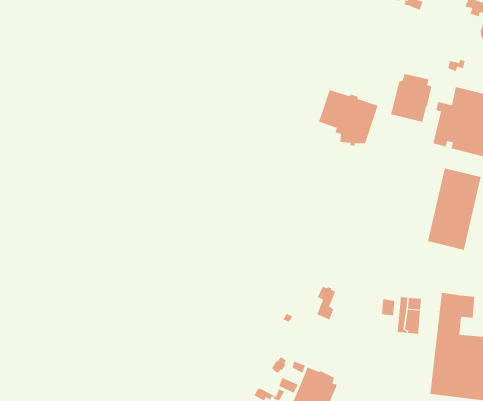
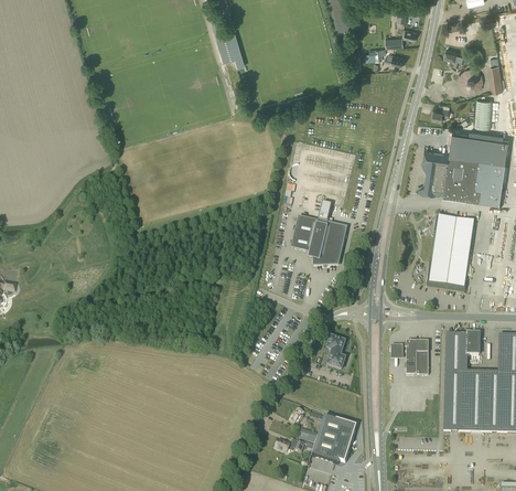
building: [391,73,432,122] -> none
building: [318,89,379,146] -> [292,215,348,267]

